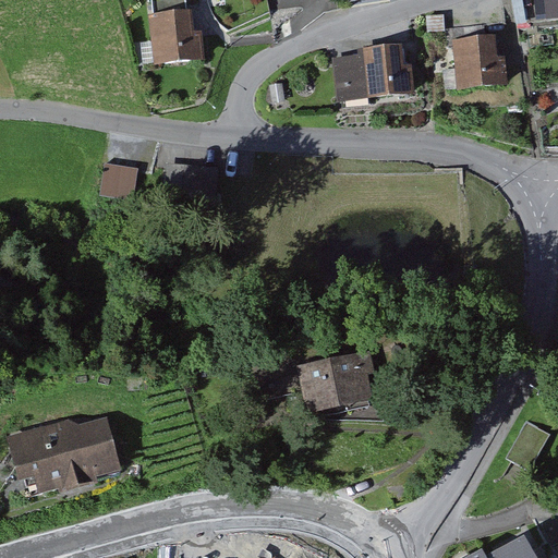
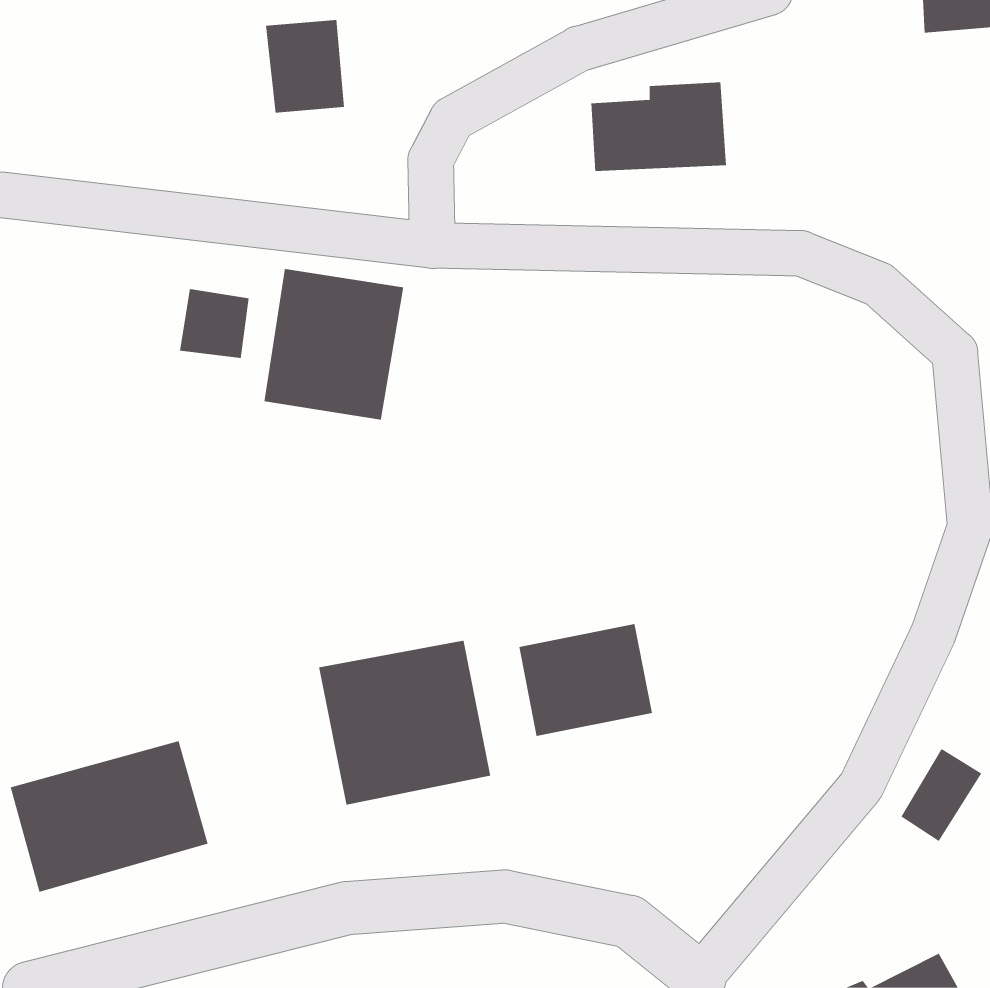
building: [458,34,504,84] -> none
building: none -> [264,268,404,421]
building: none -> [318,640,491,805]

